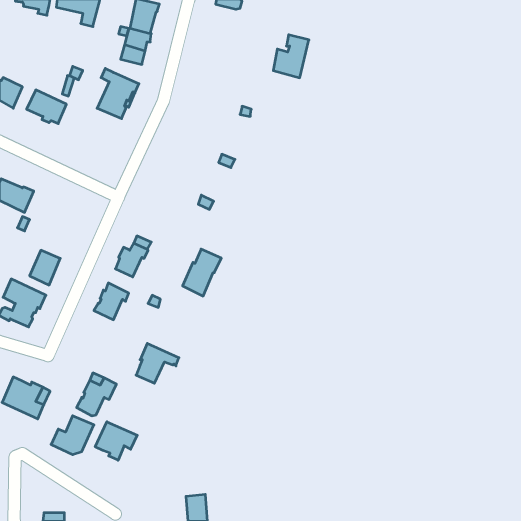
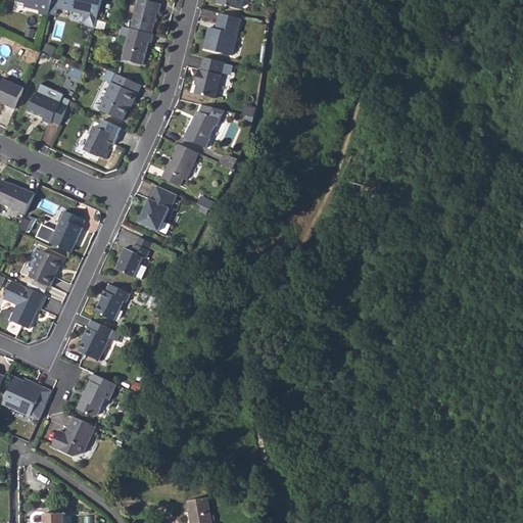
building: [273,35,309,78] -> [203,12,239,55]
building: none -> [193,57,232,97]
building: none -> [182,104,223,147]
building: none -> [84,118,120,156]
building: none -> [161,143,198,186]
building: none -> [35,209,83,251]
building: [183,249,221,296] -> [137,184,176,231]
building: [136,343,179,383] -> [79,319,122,359]
building: [95,422,137,460] -> none

